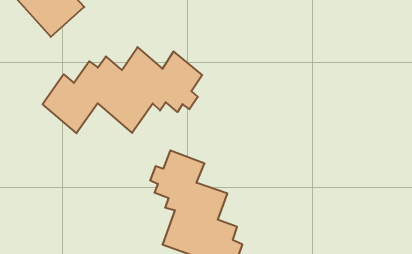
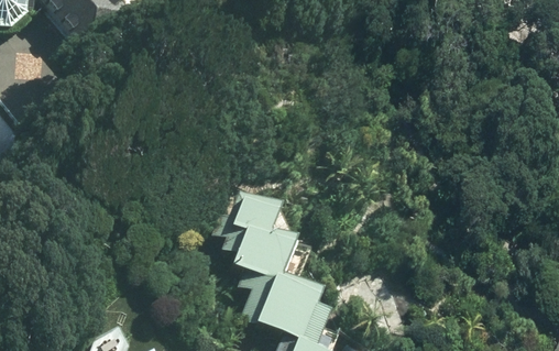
building: [43,47,202,133] -> none

